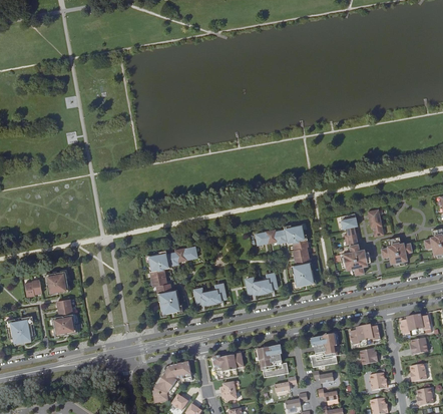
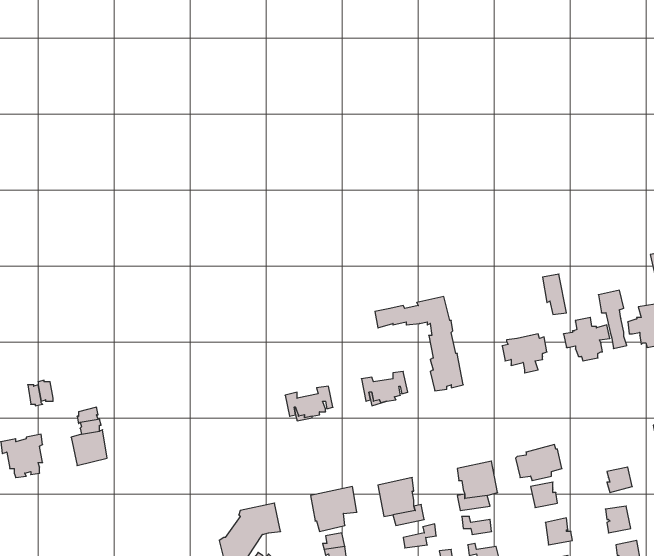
building: [341,213,360,252] -> [598,290,627,349]
building: [148,247,197,314] -> none
building: [42,268,66,295] -> none
building: [400,314,431,337] -> none

